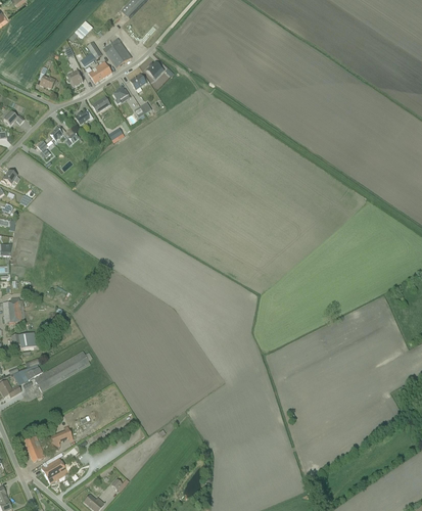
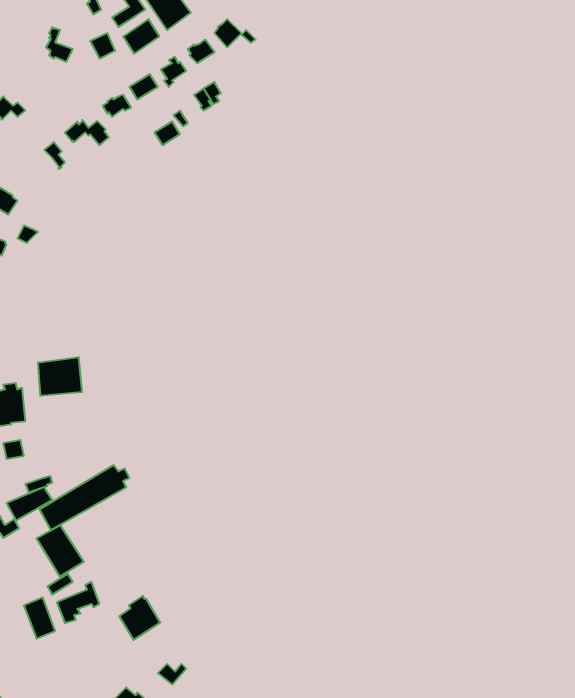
building: none -> [38,357,82,396]
building: none -> [37,525,84,576]
building: [41,455,67,483] -> [119,596,160,640]

